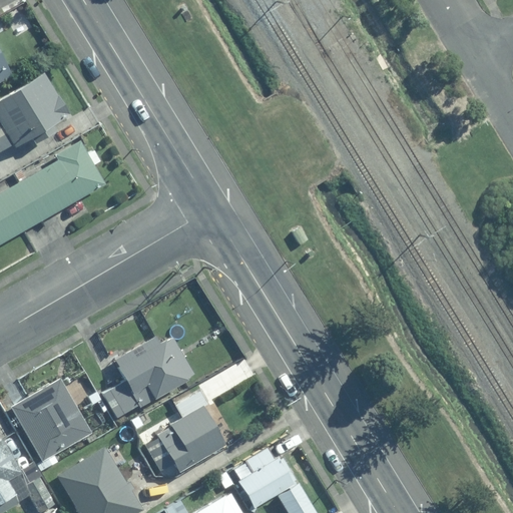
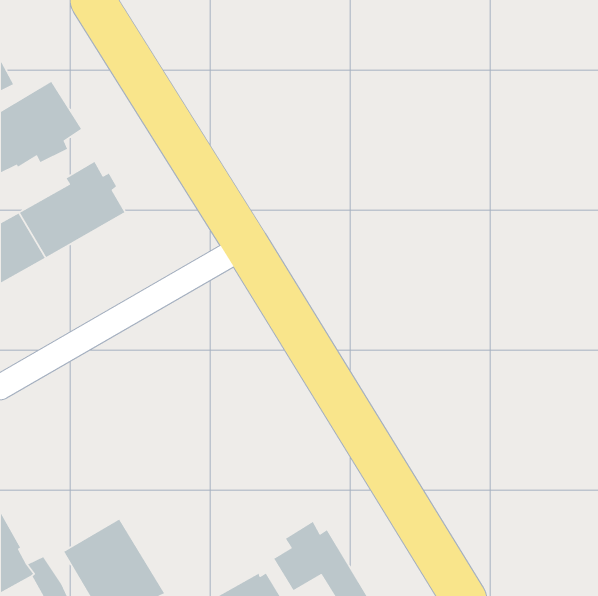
building: [101,335,192,418] -> none
building: [9,377,90,462] -> none
building: [142,390,223,470] -> none

